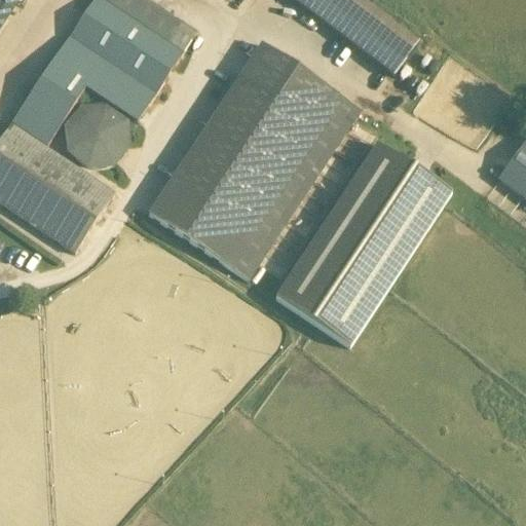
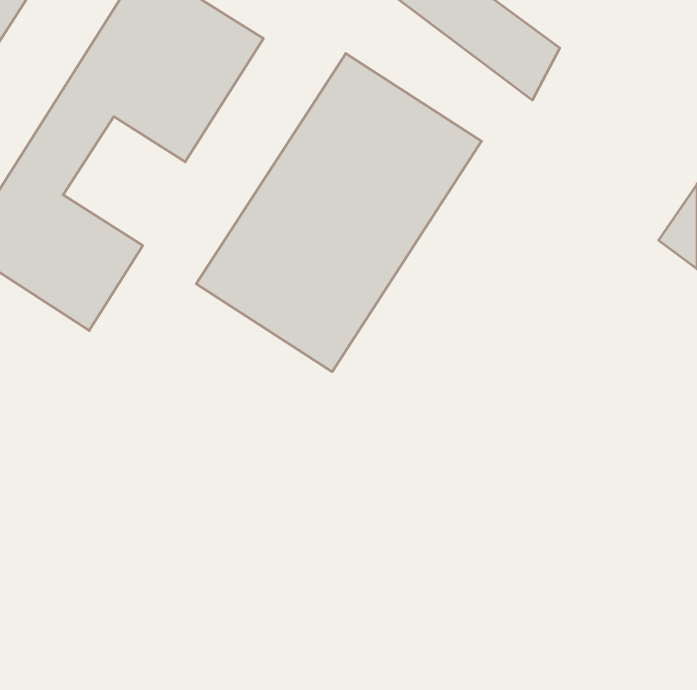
building: [64,102,132,168] -> none
building: [273,141,457,348] -> none

